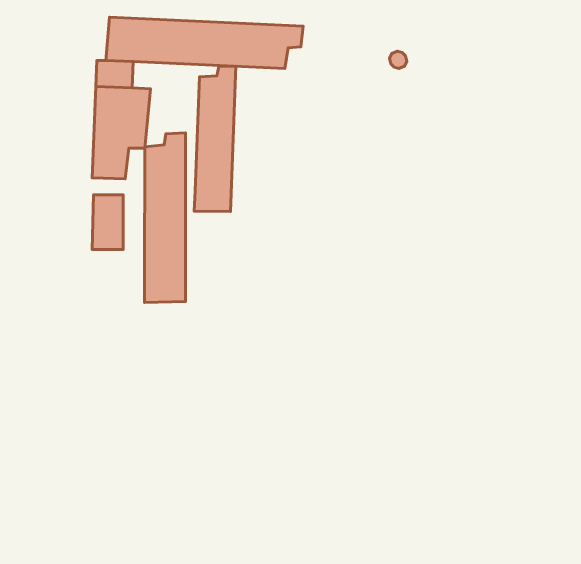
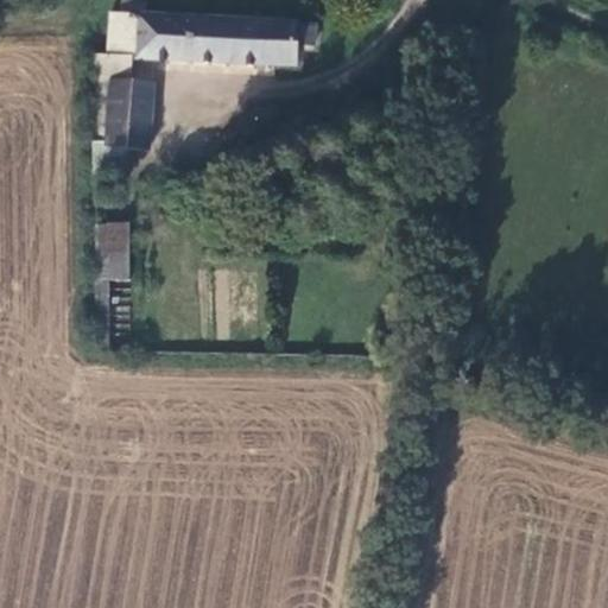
building: [194,66,236,212] -> none
building: [144,133,185,303] -> none

